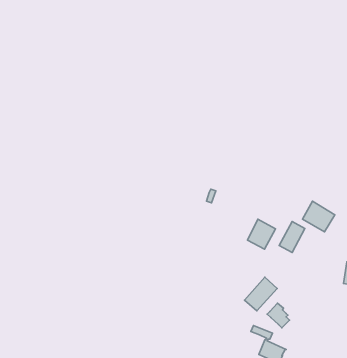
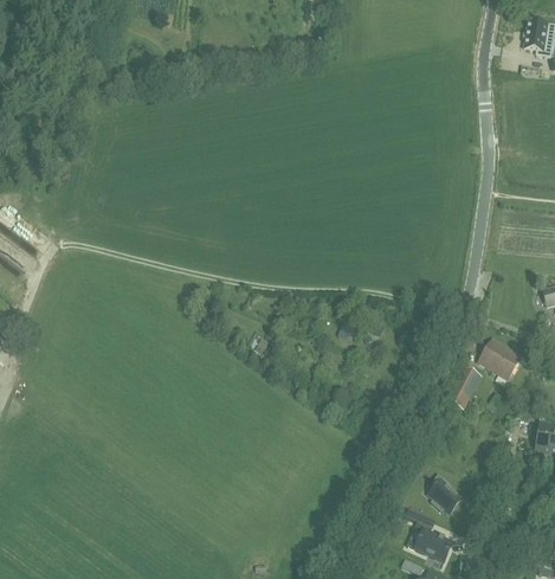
building: [247,219,275,249] -> none
building: [245,277,277,311] -> none

